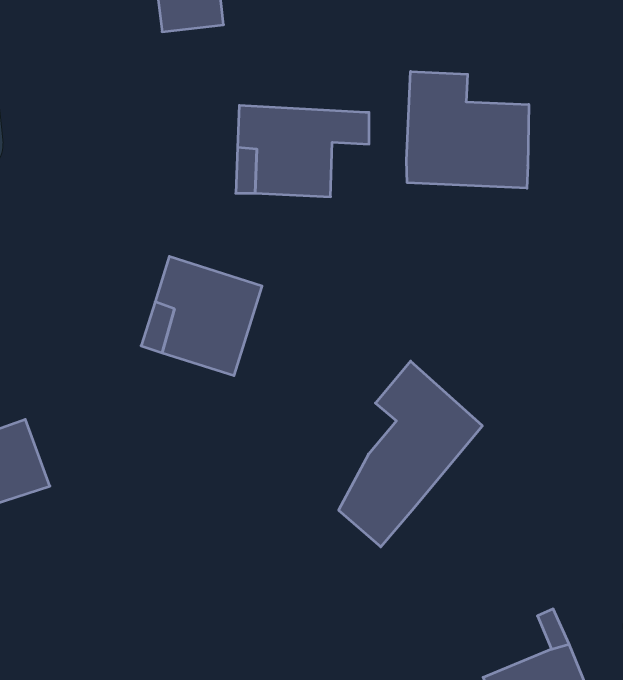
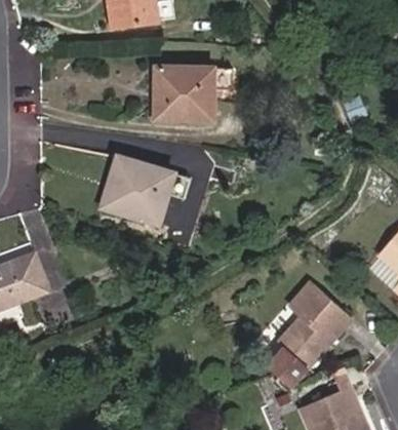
building: [406,71,529,188] -> none
building: [339,361,482,547] -> [276,266,360,375]

